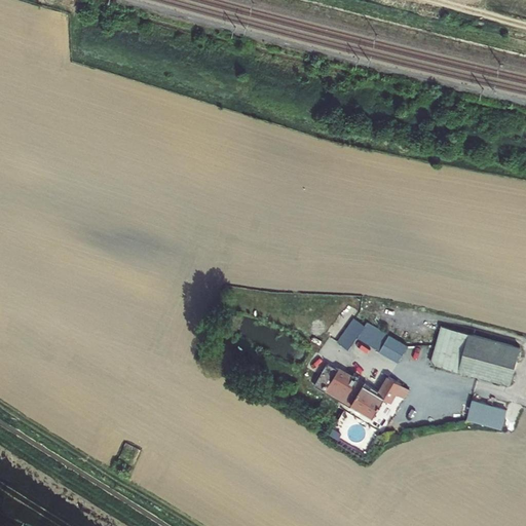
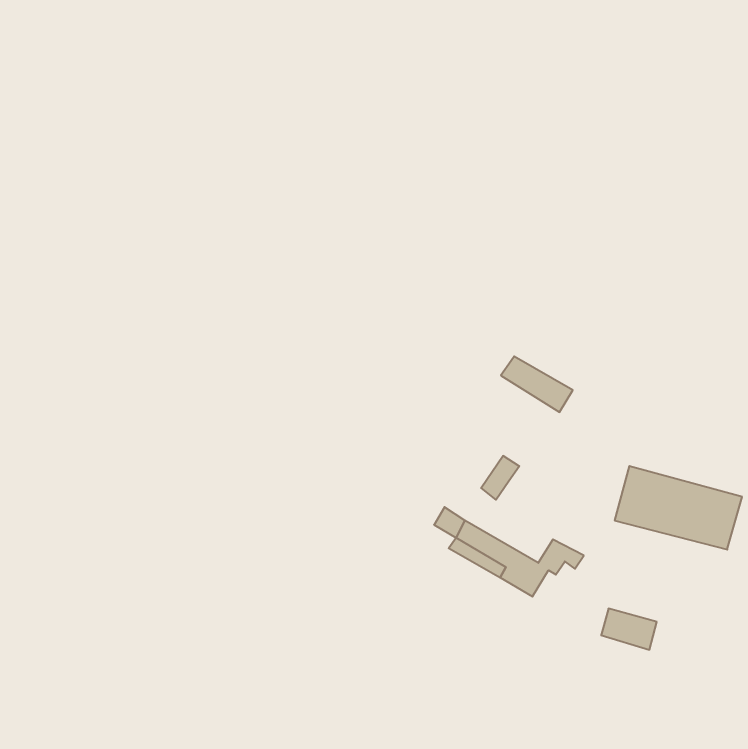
building: [356,324,407,363] -> [501,356,573,412]
building: [466,401,505,429] -> [601,609,657,650]

